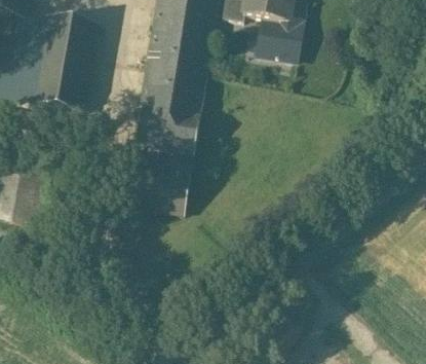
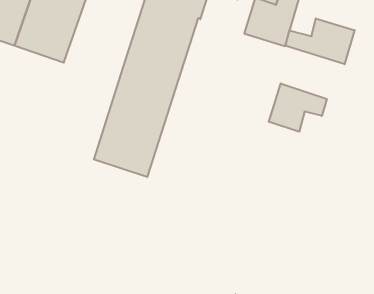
building: none -> [286,18,355,64]
building: none -> [269,83,327,132]

